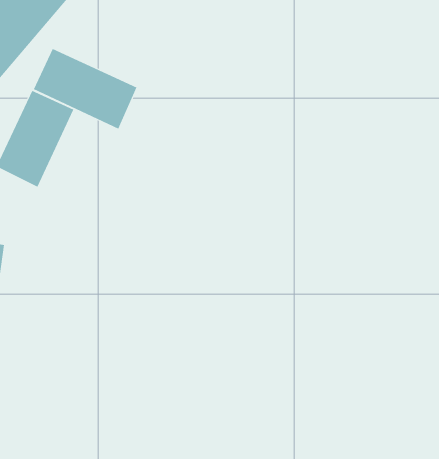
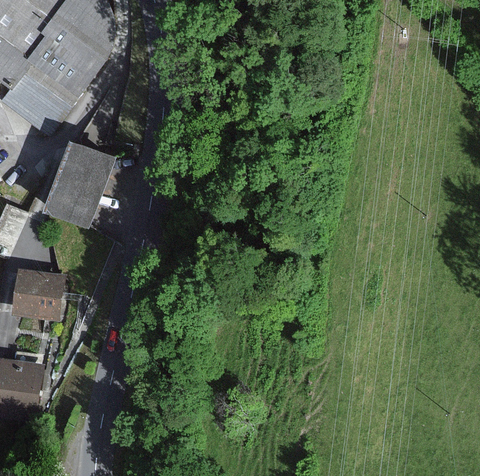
building: [33,48,137,129] -> none

